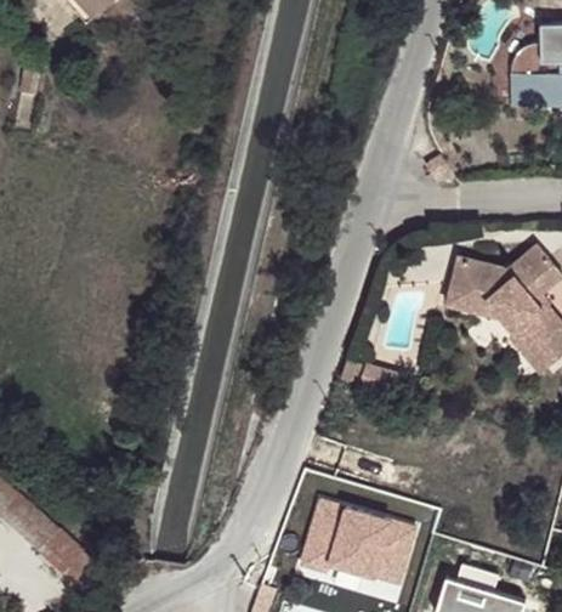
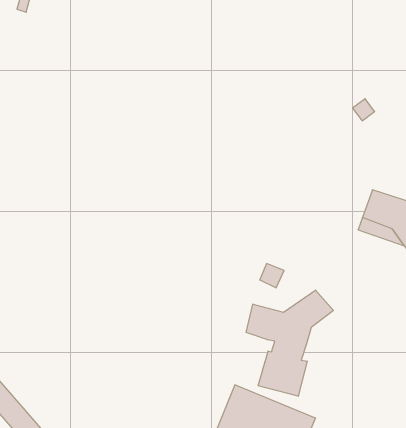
building: none -> [246,290,333,396]

